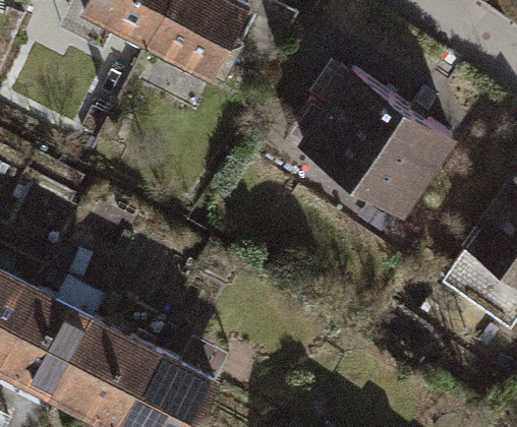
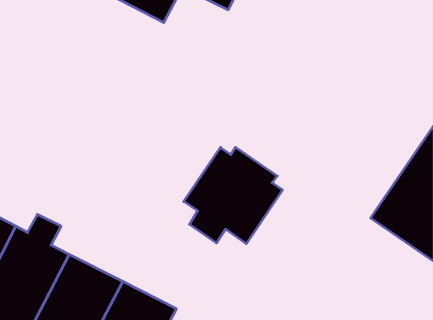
building: [300,70,450,202] -> none
building: none -> [184,147,282,244]

